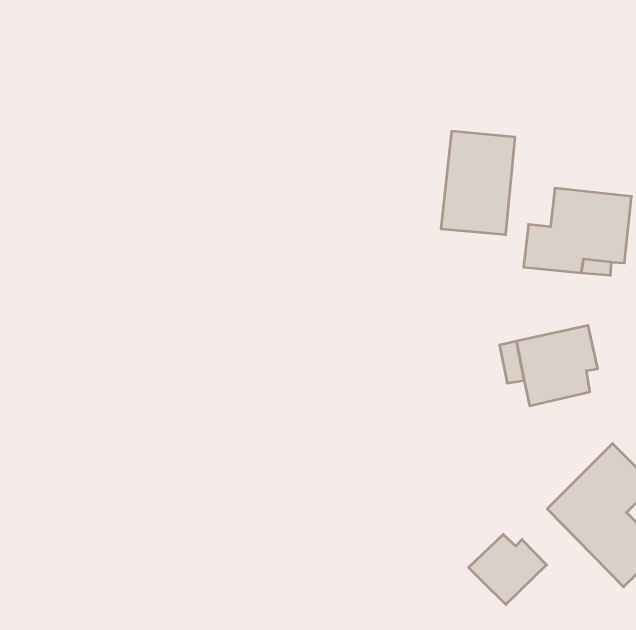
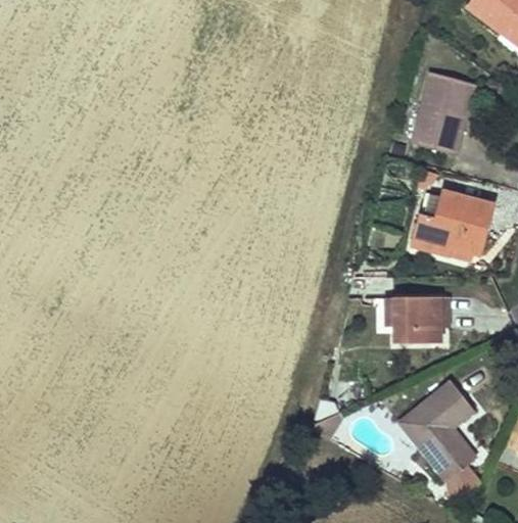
building: [441,131,515,235] -> [413,73,475,151]
building: [469,534,547,605] -> none

